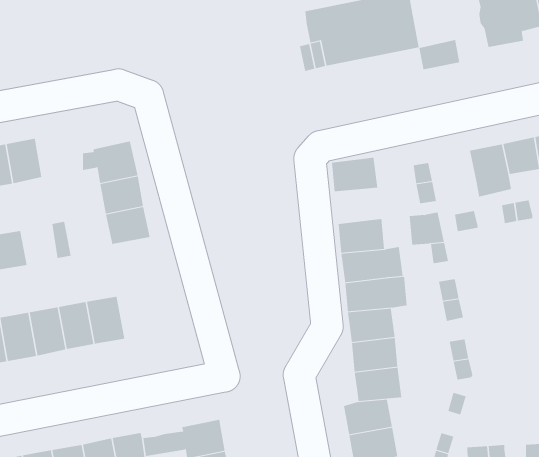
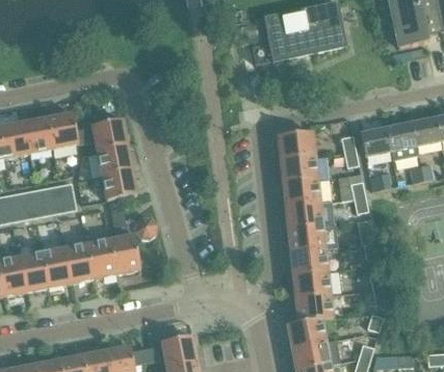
building: [419,39,460,70] -> none
building: none -> [48,111,79,147]
building: none -> [361,126,390,155]
building: none -> [280,155,317,183]
building: none -> [36,183,64,215]
building: none -> [109,196,156,272]

